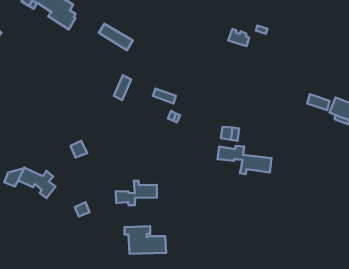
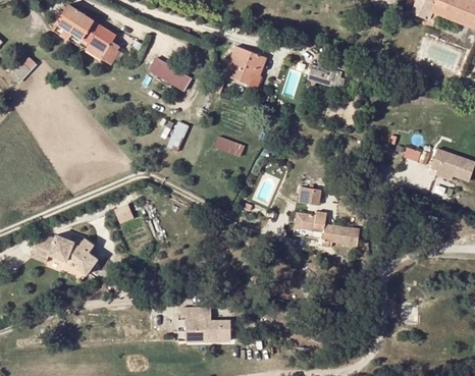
building: none -> [224,47,266,89]
building: [116,181,157,205] -> none

